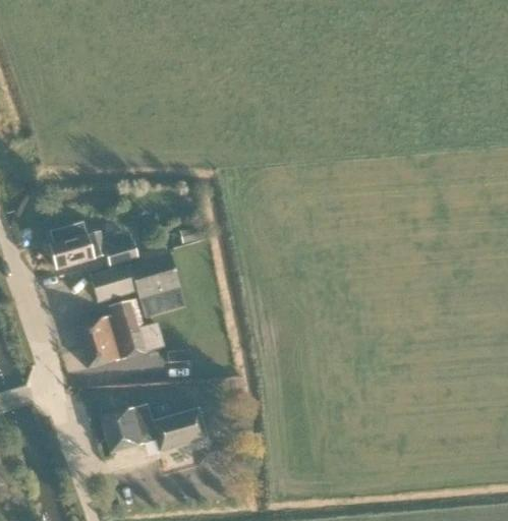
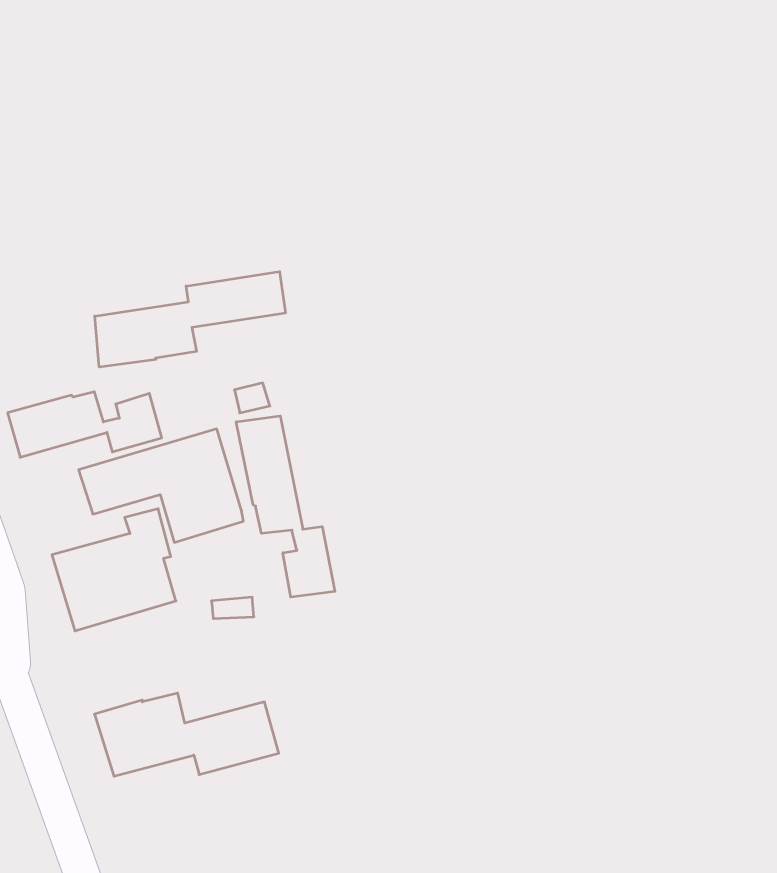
building: none -> [95,272,285,367]
building: none -> [236,416,335,597]

